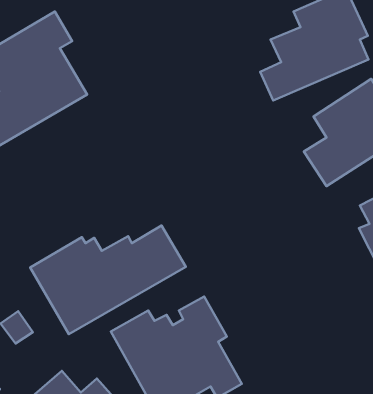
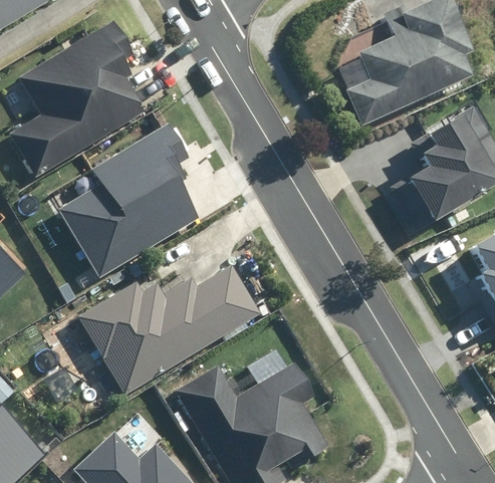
building: none -> [58,123,196,278]

